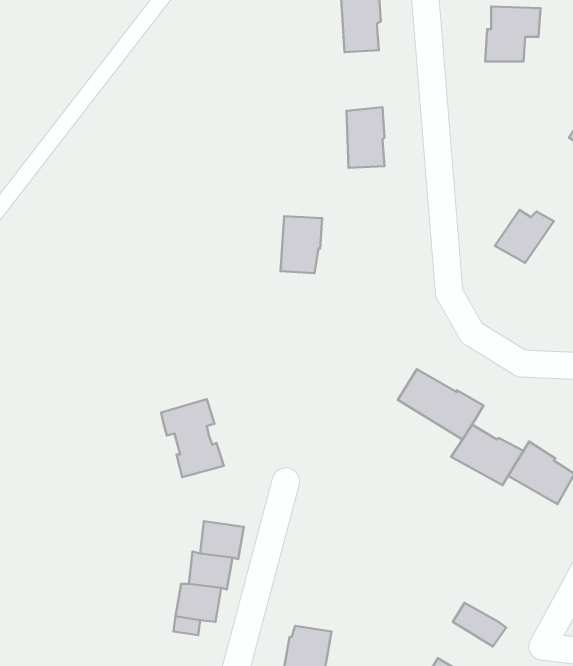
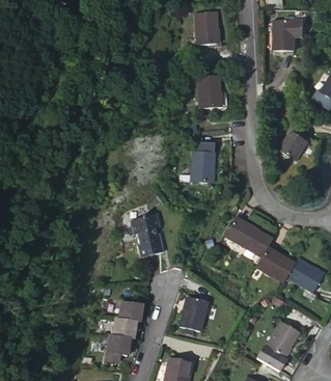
building: [280,216,322,273] -> [191,152,214,183]
building: [161,399,224,477] -> [129,214,163,256]
building: none -> [180,297,208,331]
building: none -> [265,321,299,356]

